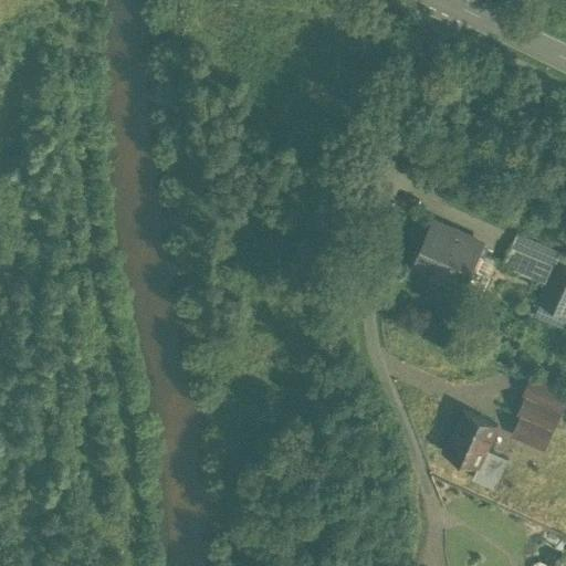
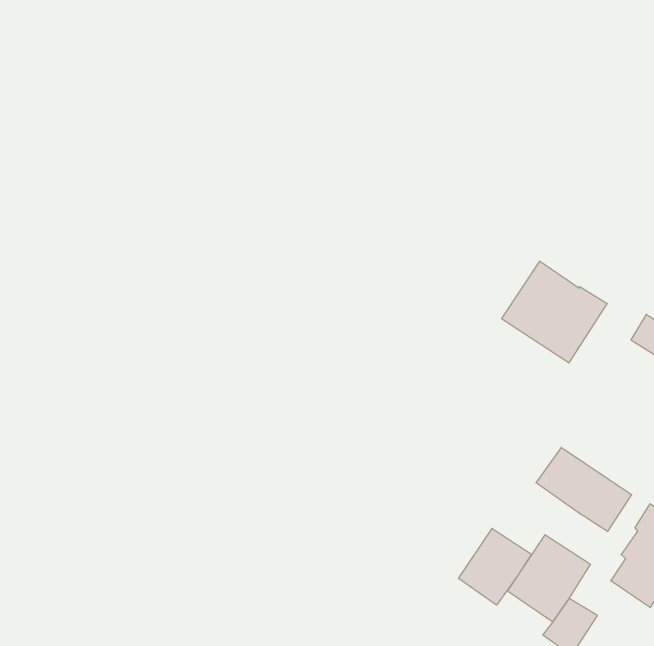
building: none -> [536,447,632,531]
building: none -> [458,528,531,605]

